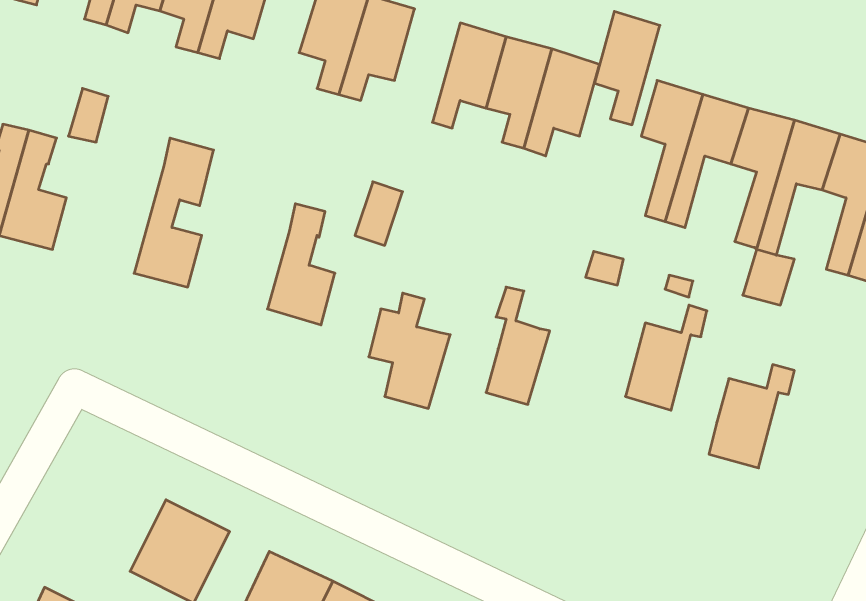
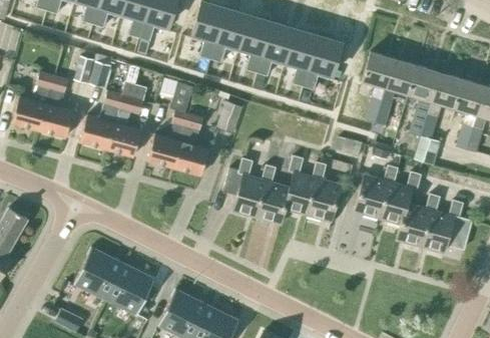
building: [594,11,660,125] -> [238,15,272,72]
building: none -> [89,54,112,88]
building: none -> [147,82,193,166]
building: none -> [80,91,122,148]
building: none -> [306,161,342,221]
building: none -> [256,165,291,224]
building: none -> [378,172,420,224]
building: none -> [422,201,471,253]
building: none -> [74,247,123,299]

